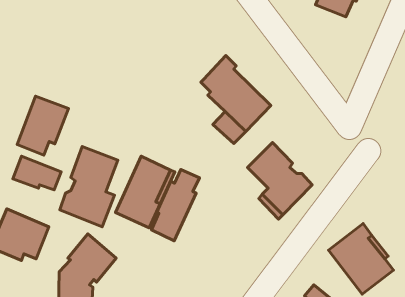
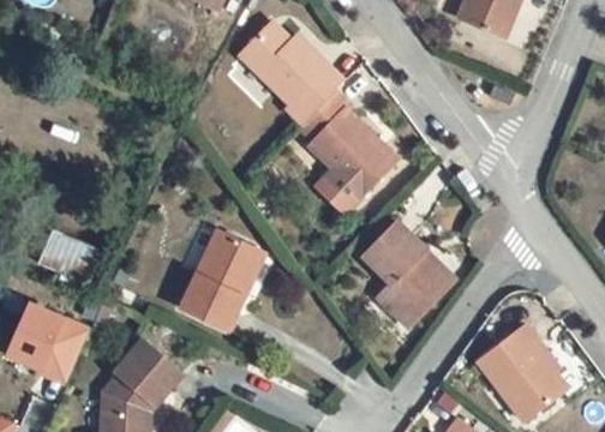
building: none -> [241,23,341,125]
building: [17,96,68,155] -> none
building: [60,146,118,227] -> none
building: [152,170,199,241] -> none

